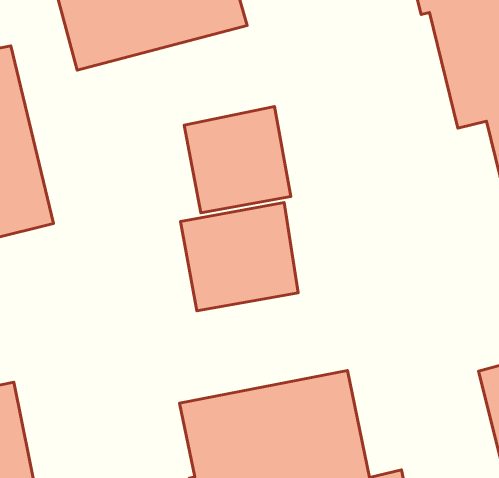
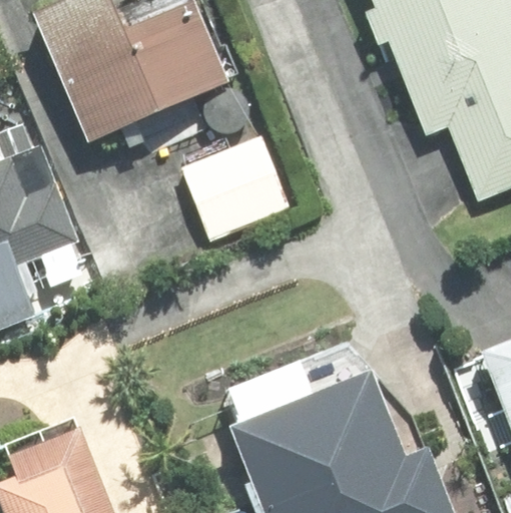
building: [180,203,298,311] -> none

